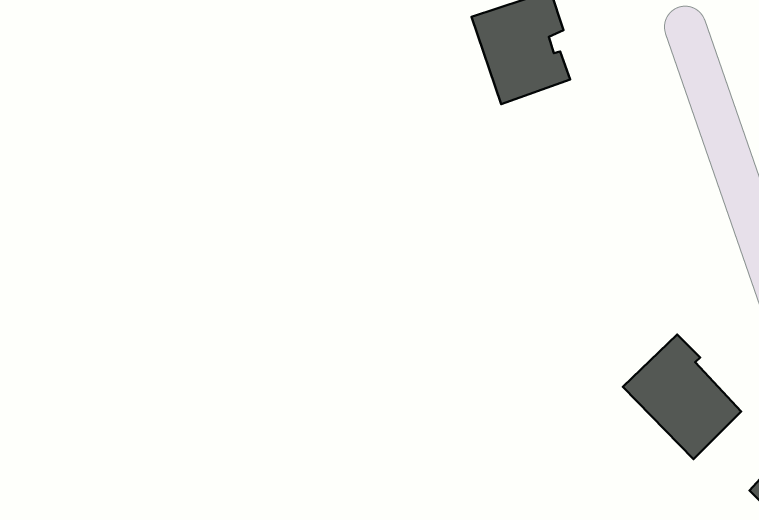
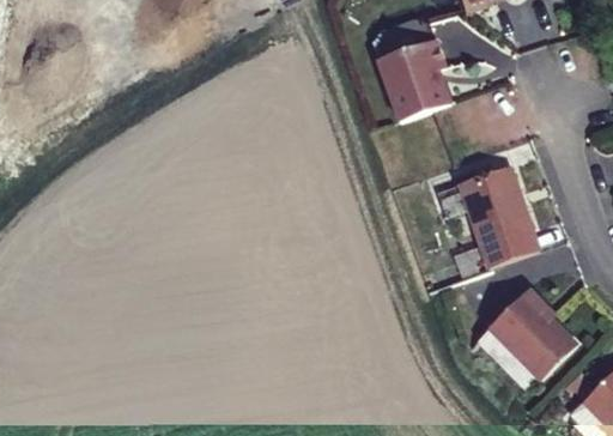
building: none -> [460,164,539,267]

